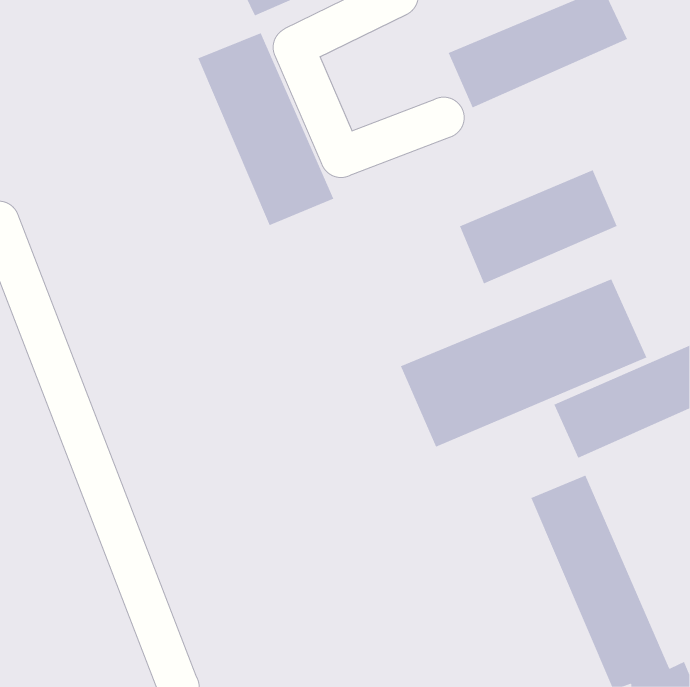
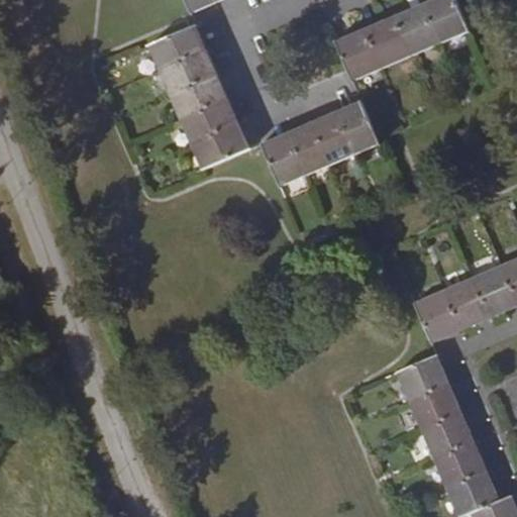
building: [459,169,618,284] -> [261,100,379,186]
building: [400,279,647,448] -> none

